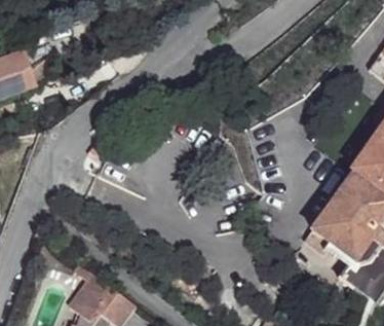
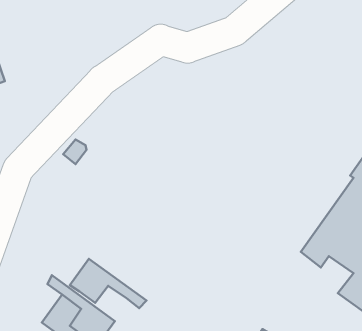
building: none -> [70,259,147,308]

